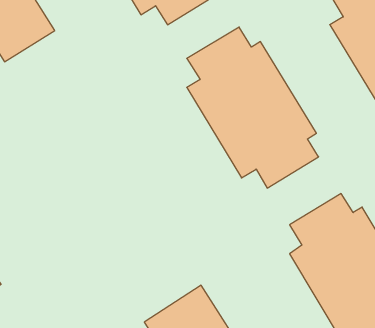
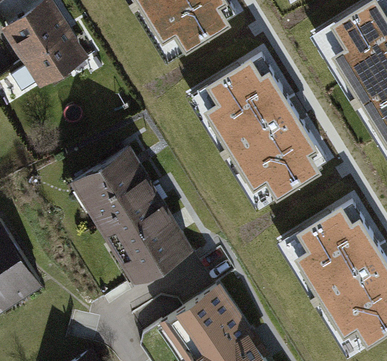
building: none -> [74,152,186,281]

